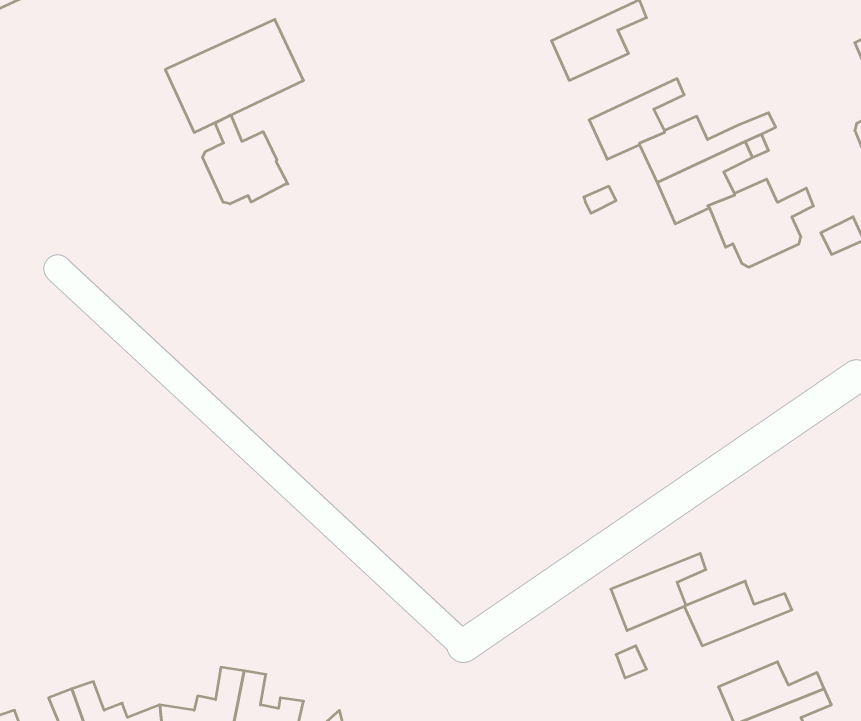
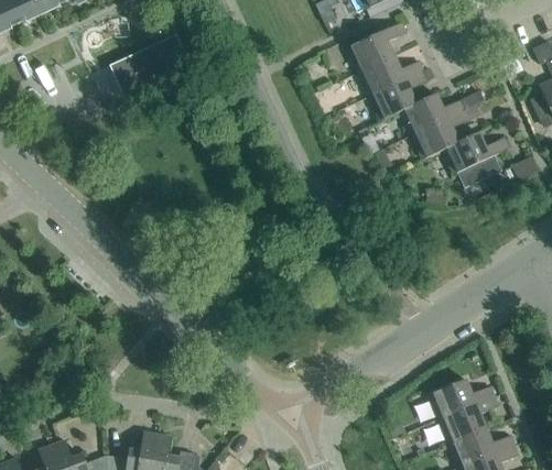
building: none -> [358,55,424,96]
building: [203,115,288,204] -> none
building: [611,553,706,631] -> [440,396,498,444]

